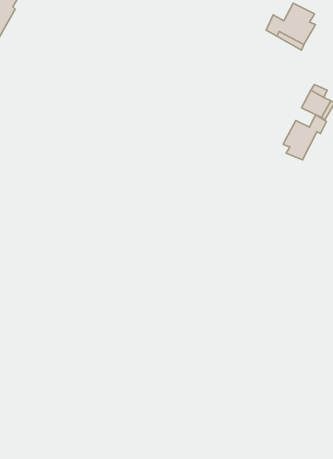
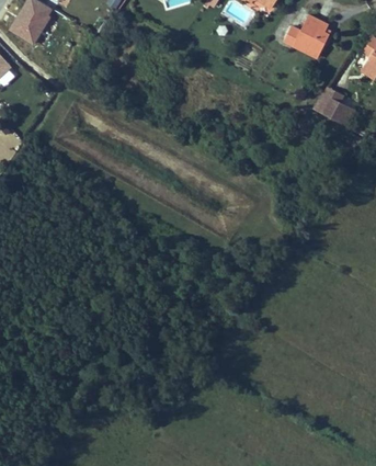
building: [283,115,327,160] -> none

